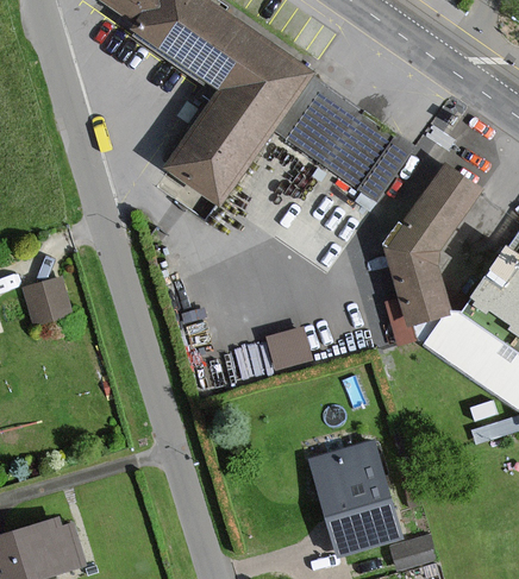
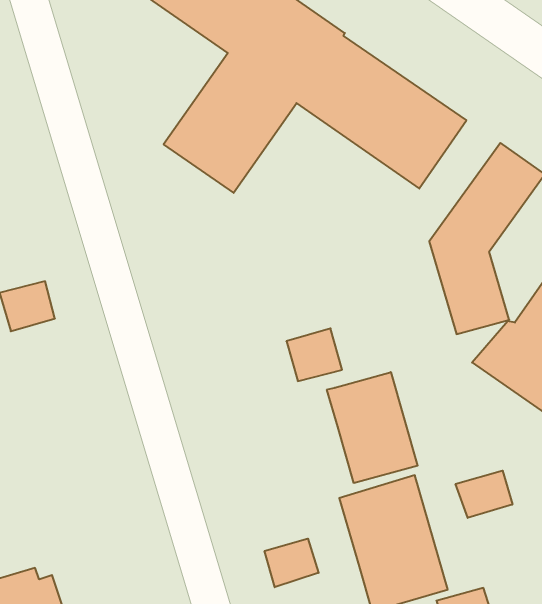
building: none -> [327,372,418,483]
building: none -> [456,471,512,518]
building: none -> [265,539,319,587]

